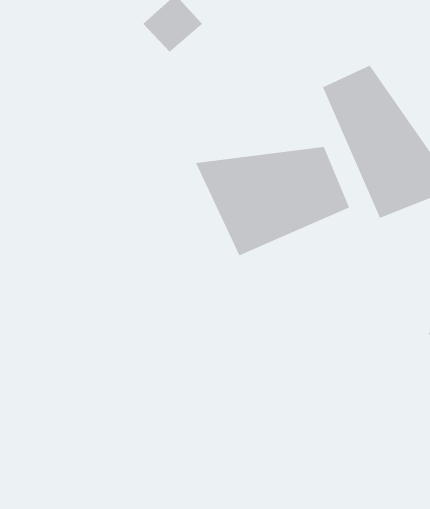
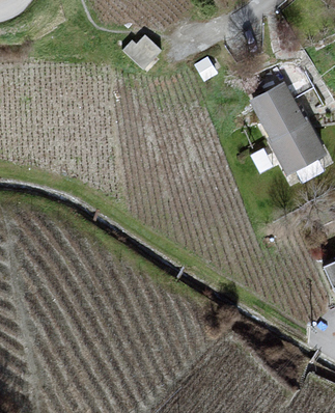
building: [195,146,350,256] -> none

